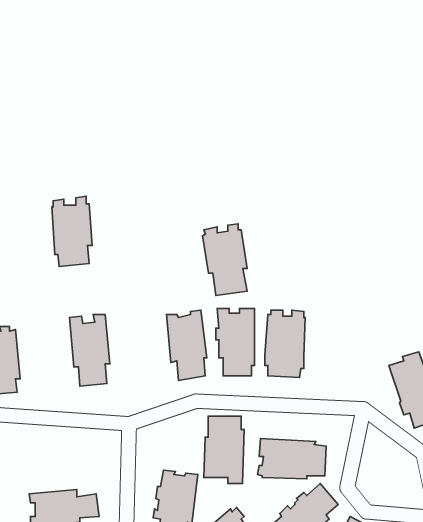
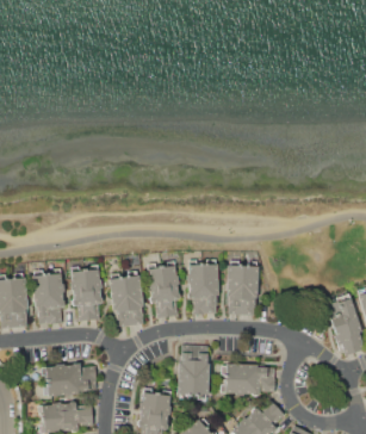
building: [52,196,92,266] -> [32,268,64,324]
building: [202,224,247,295] -> [107,271,143,328]
building: none -> [41,364,95,397]

